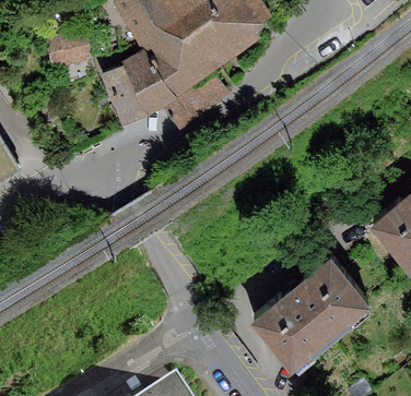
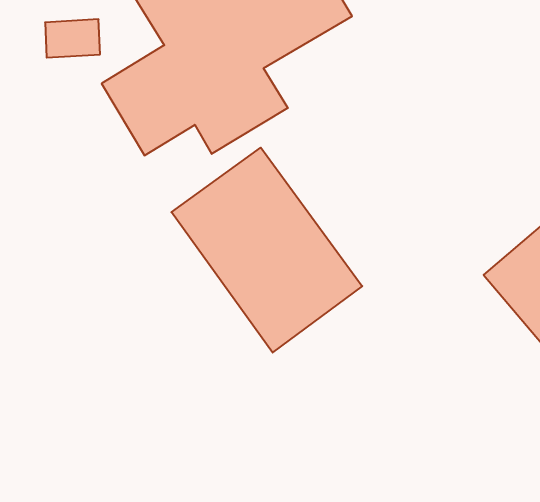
building: none -> [171,148,362,353]
building: [251,253,369,362] -> none

